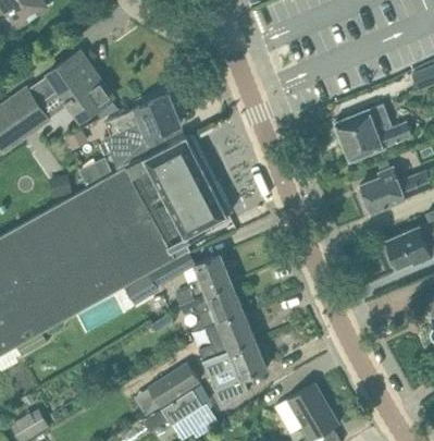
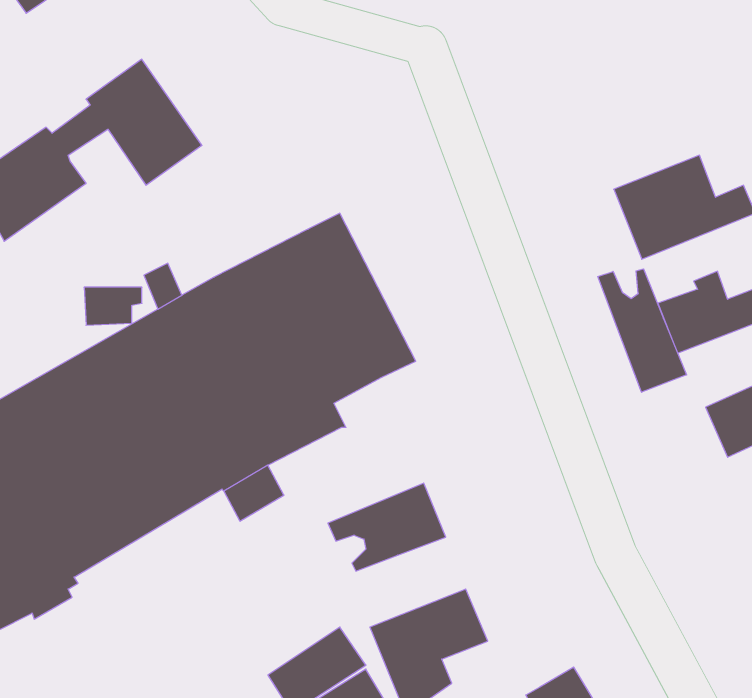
building: [103,95,181,171] -> none
building: none -> [598,269,687,392]
building: [175,254,232,305] -> none
building: [199,313,255,362] -> none

